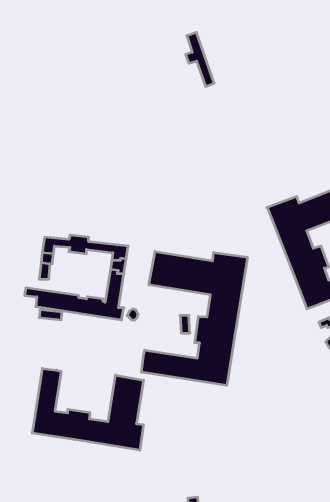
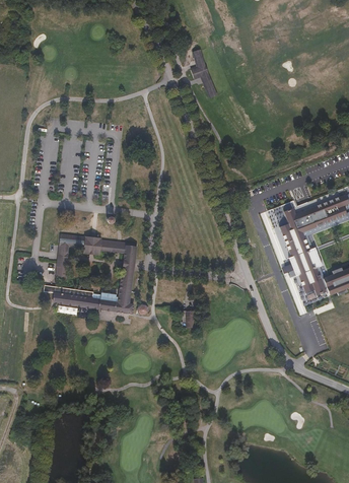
building: [142,251,247,385] -> none
building: [32,368,144,450] -> none

